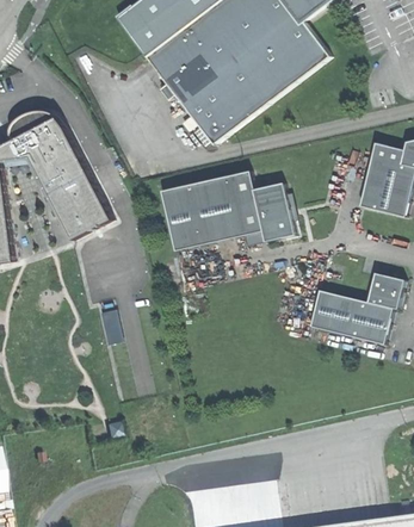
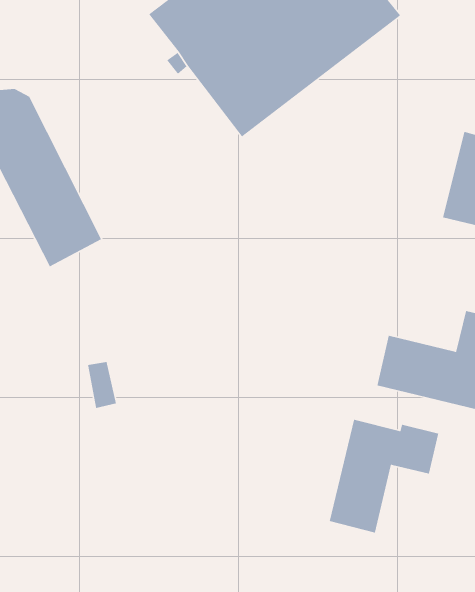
building: [159,170,293,250] -> none
building: none -> [329,419,439,533]

